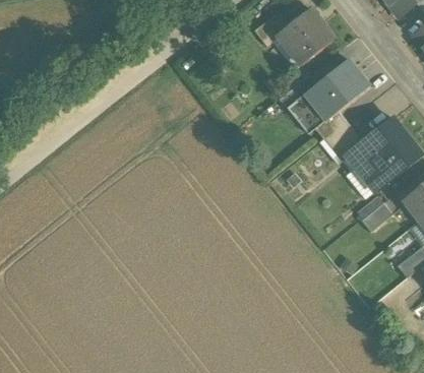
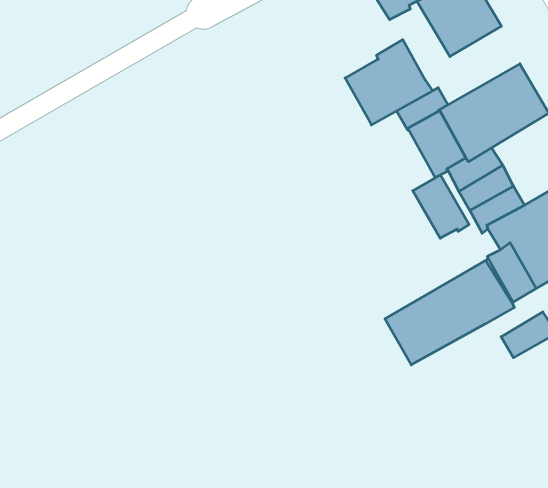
building: none -> [345,40,432,125]
building: none -> [413,175,469,238]
building: none -> [385,259,514,365]

